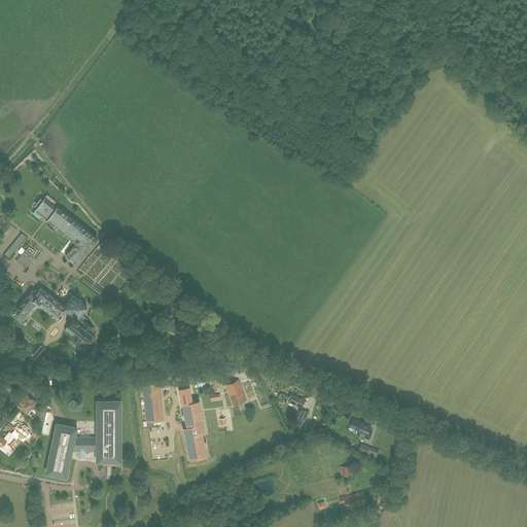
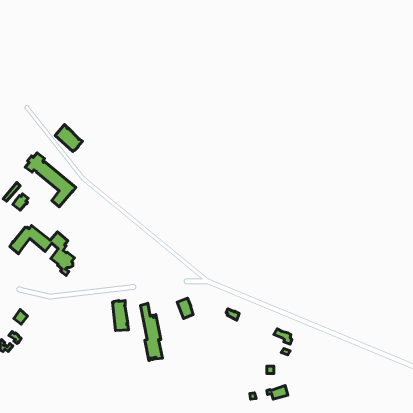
building: none -> [55,124,83,152]
building: [46,400,121,477] -> none

